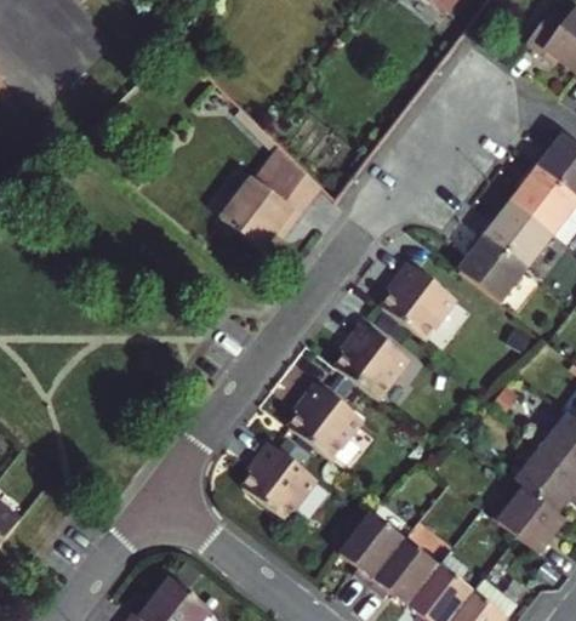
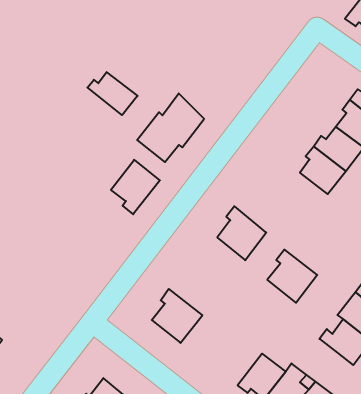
building: none -> [87,72,138,115]
building: none -> [111,160,160,214]
building: [383,258,458,338] -> none
building: [291,378,365,457] -> [267,250,317,303]
building: [335,508,404,585] -> none

